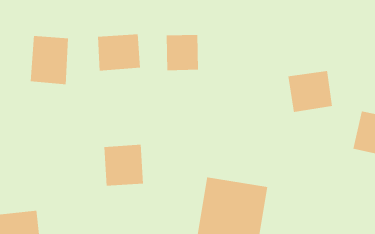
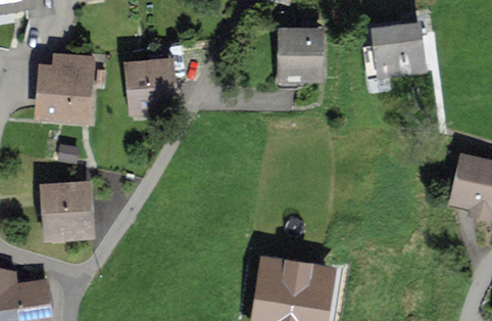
building: [166,34,199,71] -> [278,32,319,78]
building: [287,71,333,113] -> [370,21,427,75]
building: [103,144,144,186] -> [41,185,92,238]

